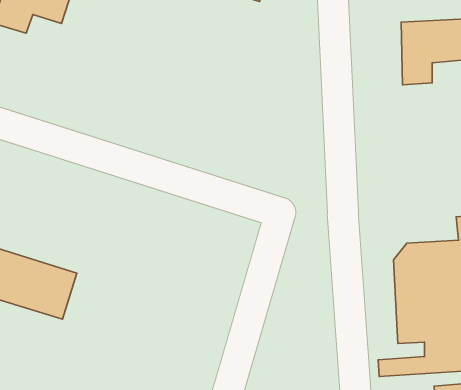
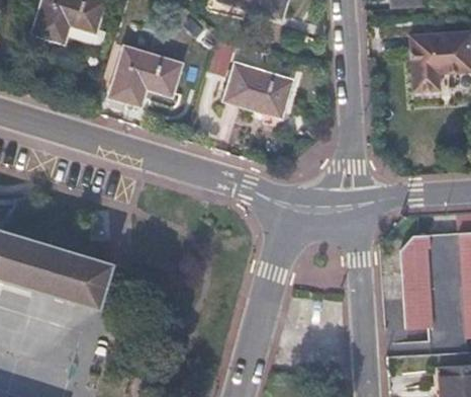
building: none -> [111,48,183,106]
building: none -> [226,65,292,118]

